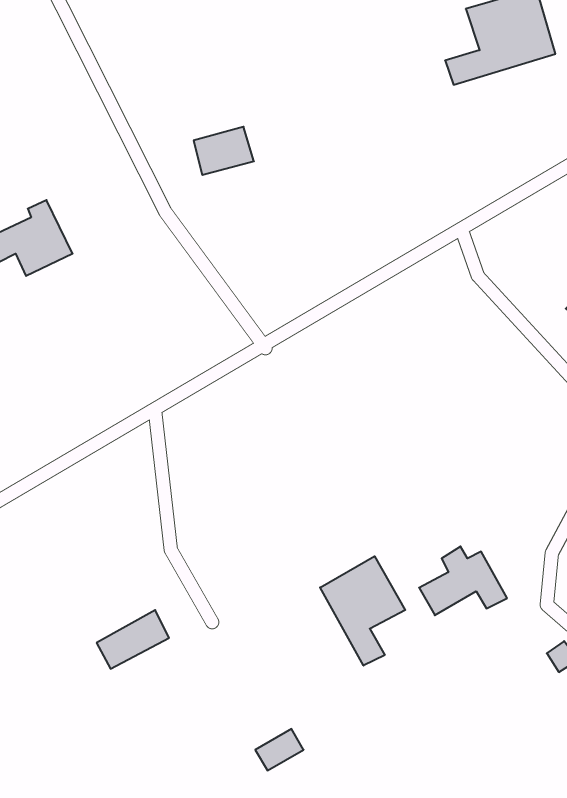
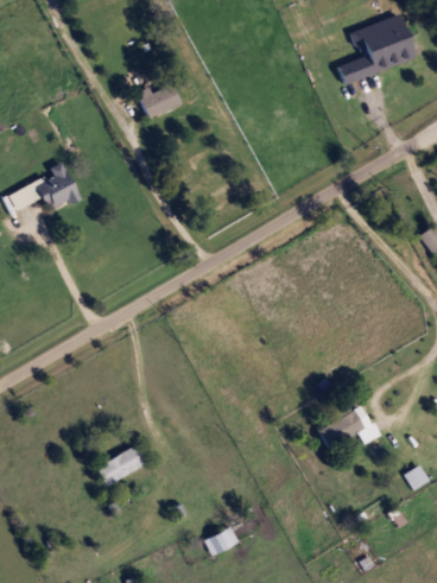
building: [194,127,254,175] -> [140,82,182,115]
building: [320,556,405,666] -> none

